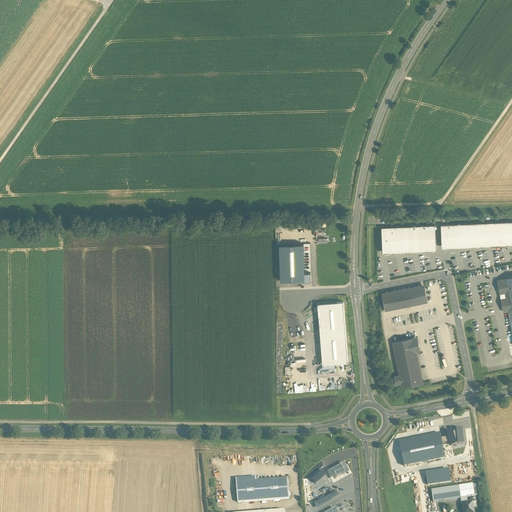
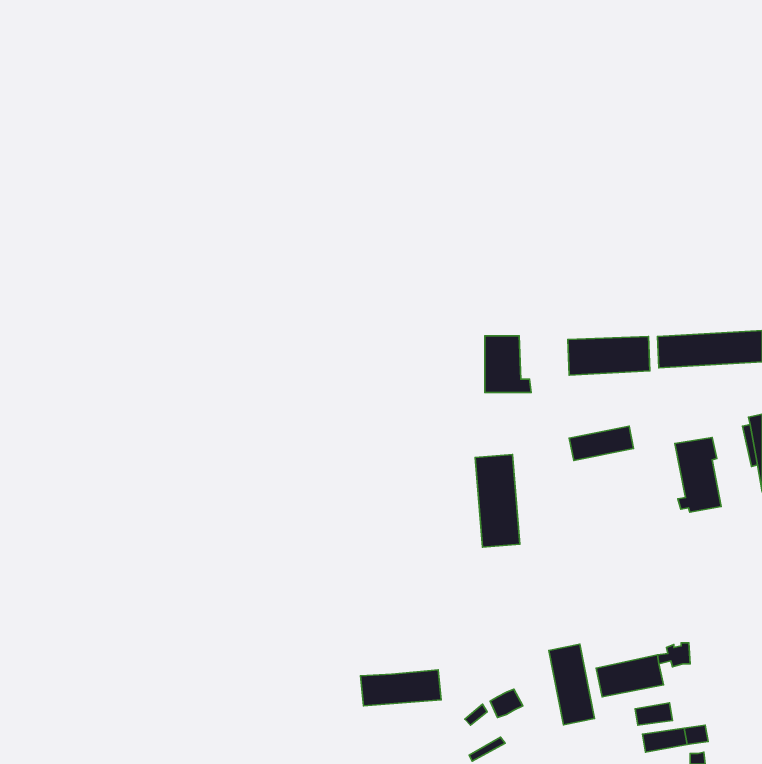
building: [279,244,310,282] -> [485,336,531,393]
building: [391,337,422,387] -> [675,438,721,512]
building: none -> [549,644,595,725]
building: [235,479,289,503] -> [360,670,441,706]

